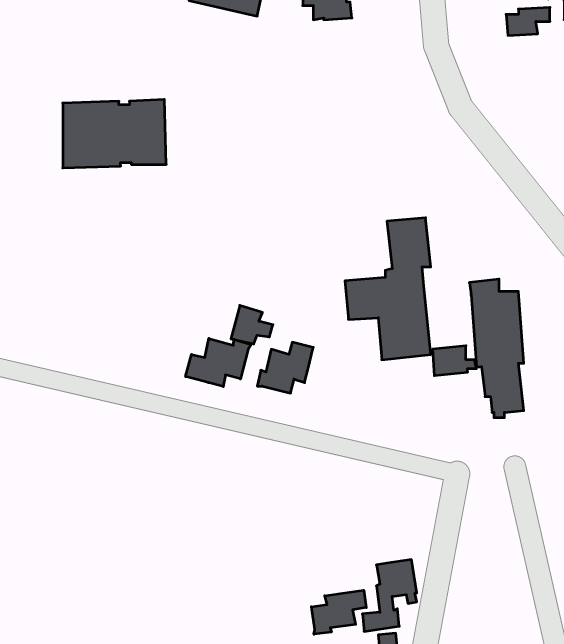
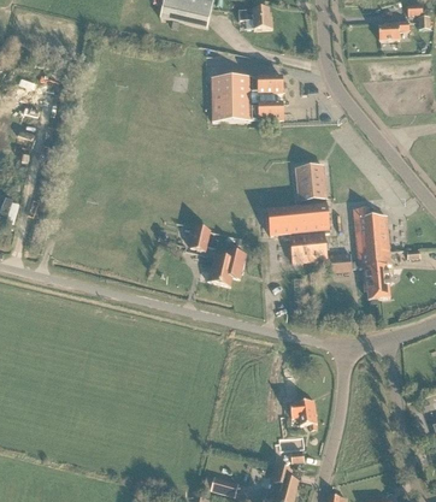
building: [63,99,166,168] -> [212,73,283,120]
building: [186,338,251,387] -> none
building: [311,590,366,634] -> none

